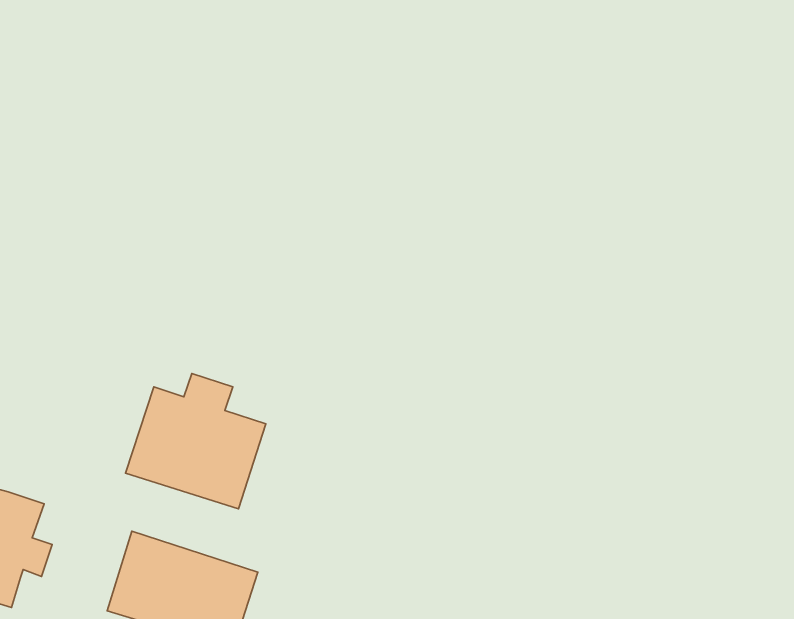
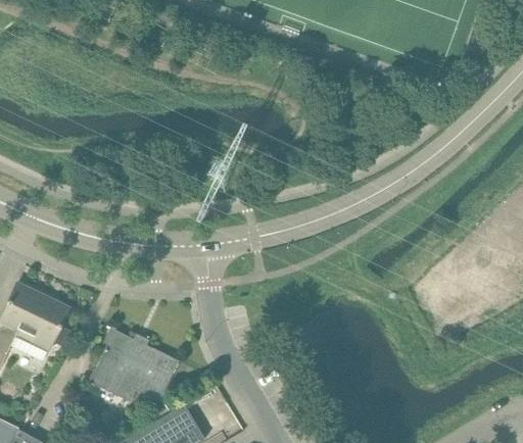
building: [125,373,266,509] -> none

